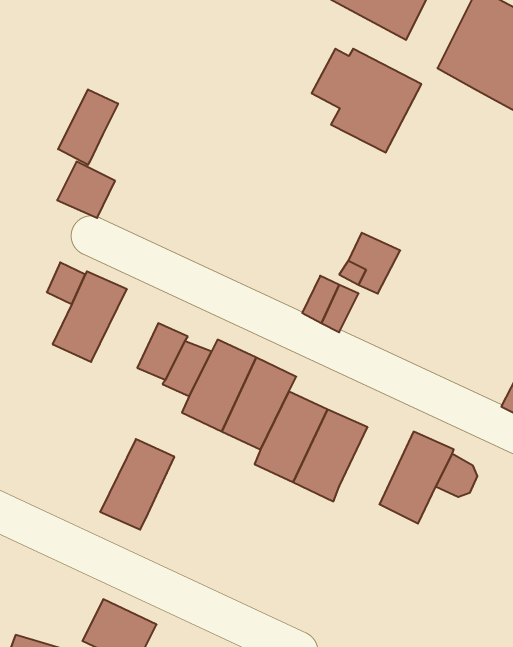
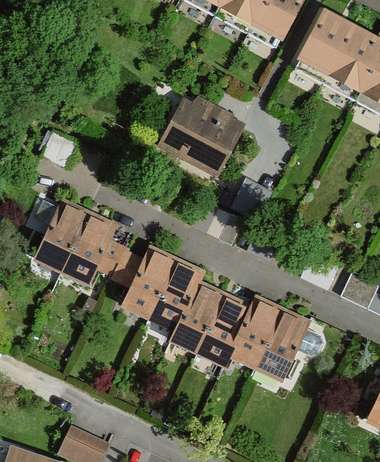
building: [312,49,421,153] -> [168,101,242,171]
building: [58,89,118,165] -> none
building: none -> [231,298,281,360]
building: [100,439,174,530] -> [64,215,114,276]

